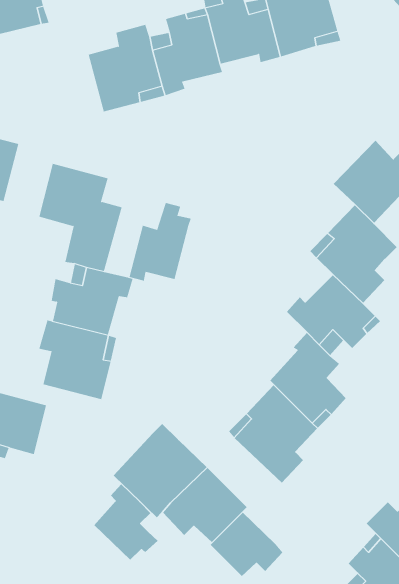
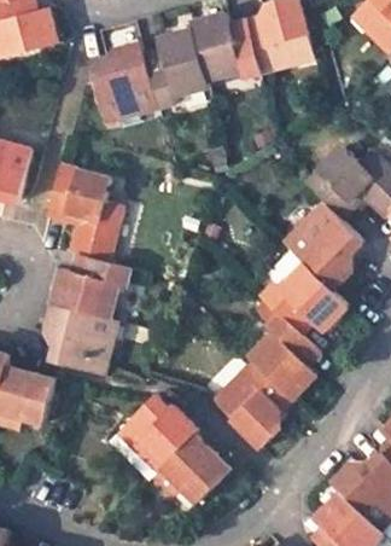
building: [129,202,192,282] -> none
building: [94,483,159,561] -> none
building: [210,512,283,577] -> none

